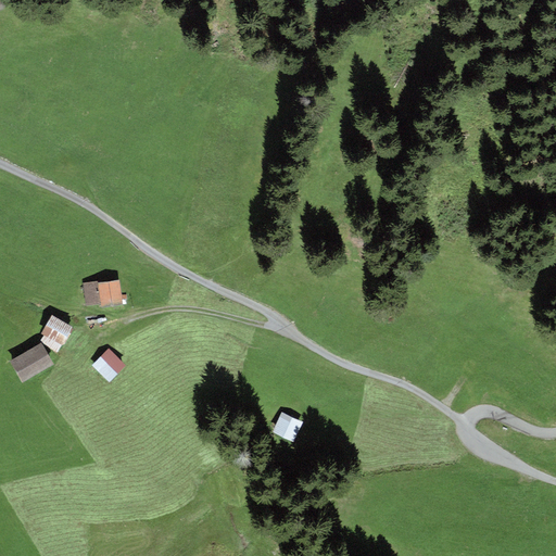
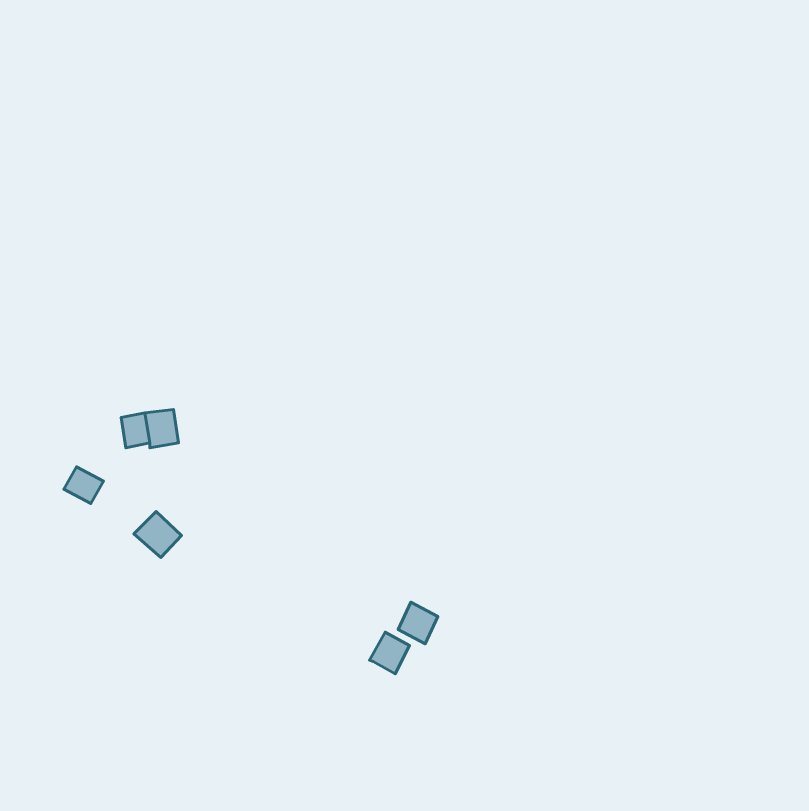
building: [11,343,52,379] -> none
building: none -> [370,632,409,674]

